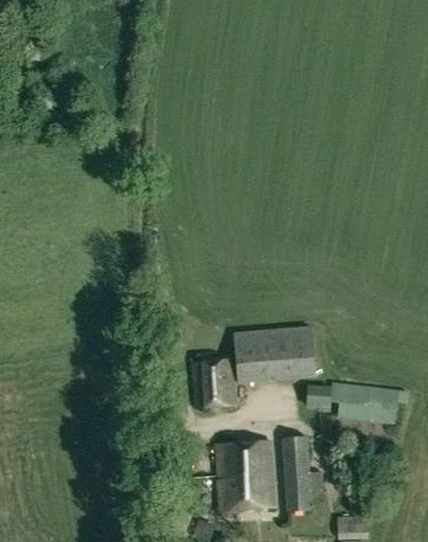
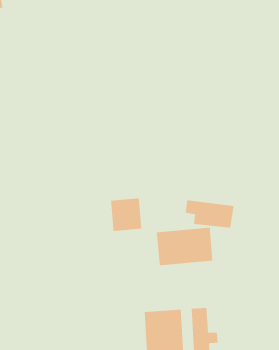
building: [191,360,235,408] -> [110,197,142,232]
building: [327,383,397,423] -> [185,200,234,229]

